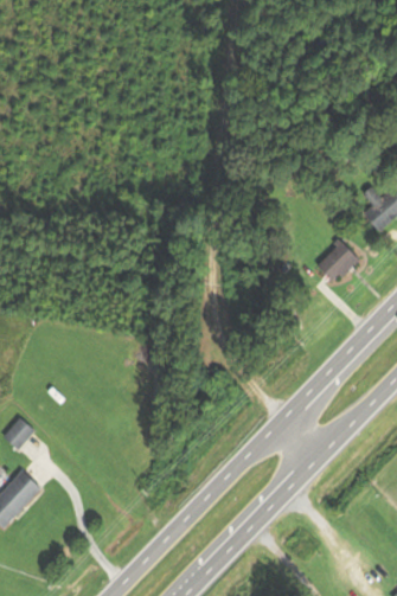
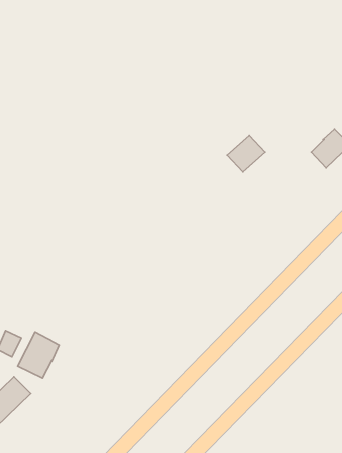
building: [316,242,359,283] -> [227,135,265,172]
building: none -> [18,332,60,378]

